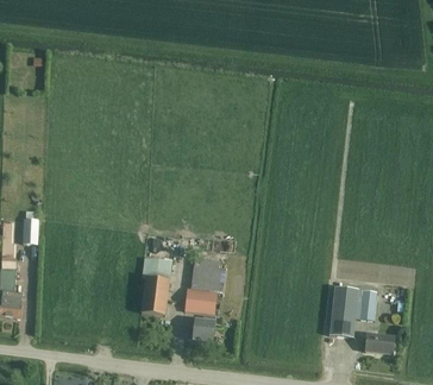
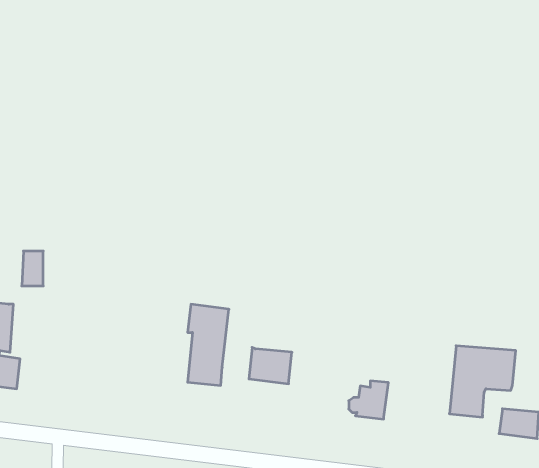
building: [189,258,225,294] -> none
building: [186,315,214,342] -> [349,381,388,419]

